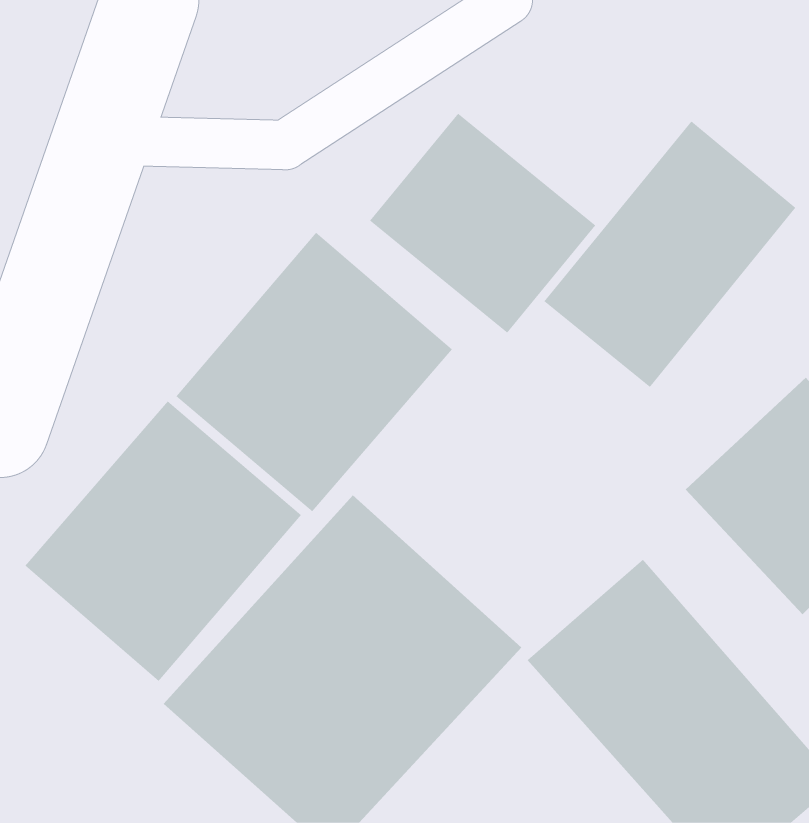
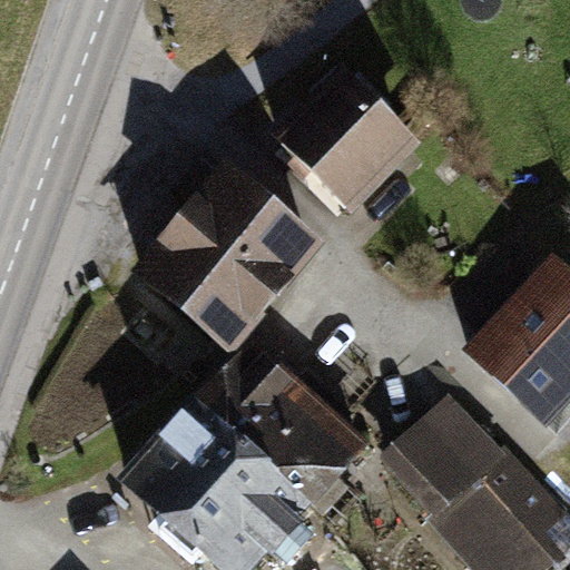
building: [543,121,796,388] -> none
building: [24,400,302,682] -> none

